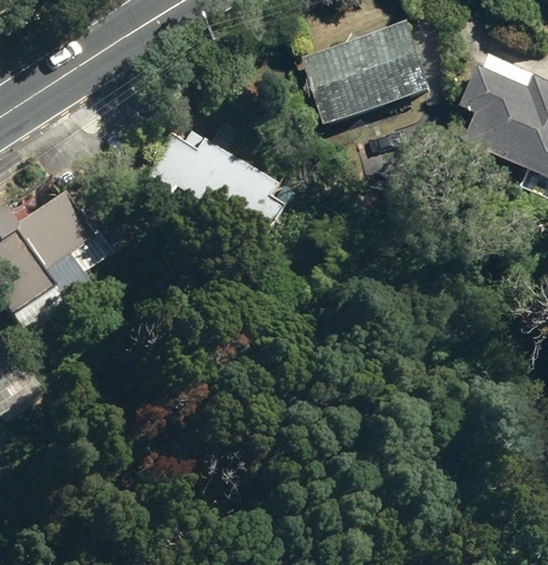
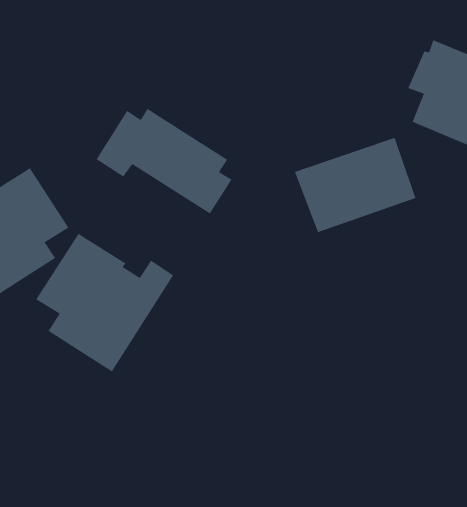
building: [305,19,436,123] -> [294,137,417,233]
building: none -> [35,233,174,373]

